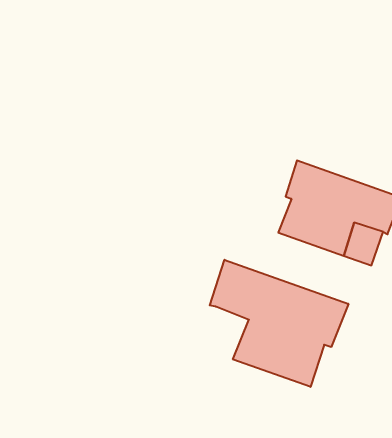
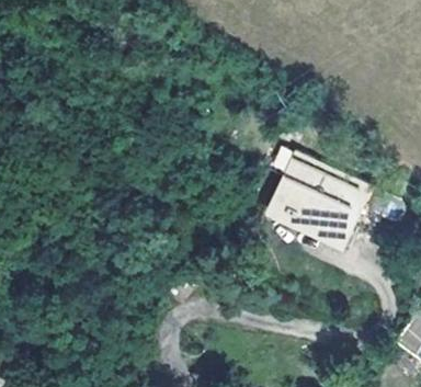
building: [210,260,348,387] -> none

